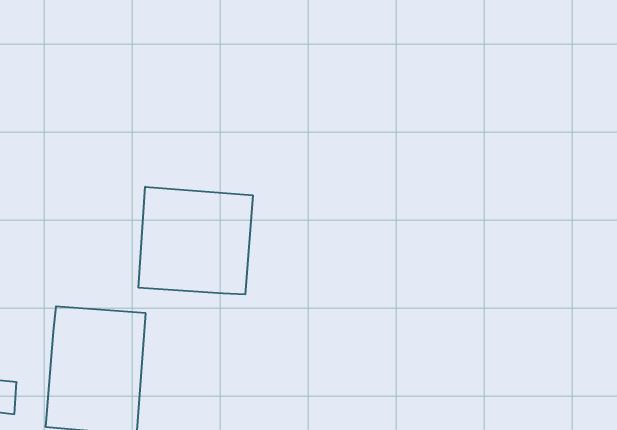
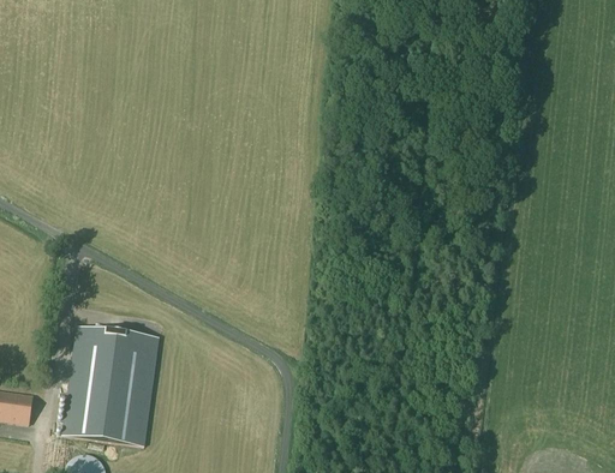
building: [139,187,253,294] -> none

